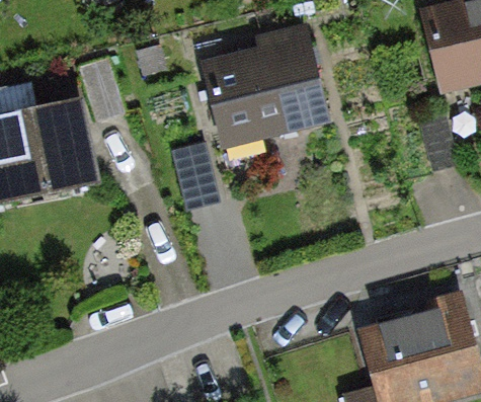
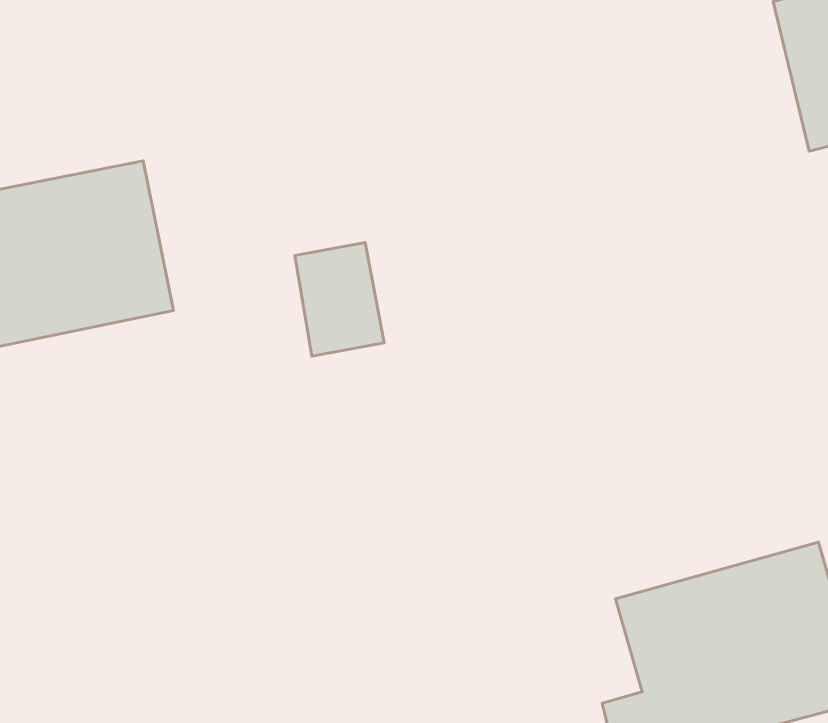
building: [206,39,333,146] -> none

